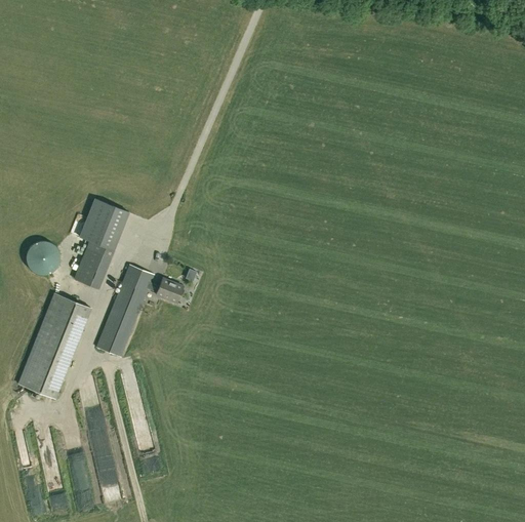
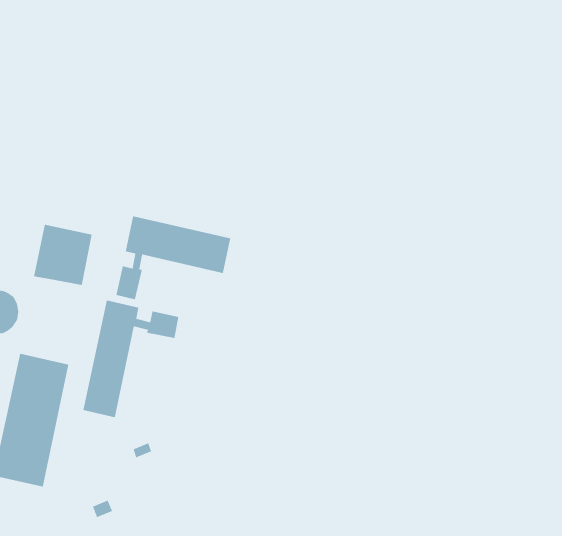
building: none -> [116,215,231,300]
building: [75,241,113,288] -> none

